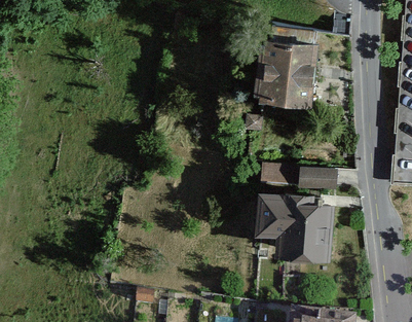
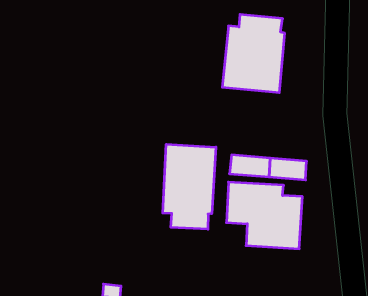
building: none -> [163,144,216,229]

